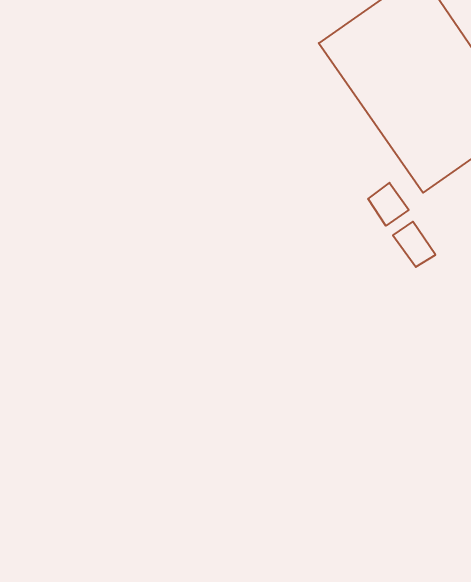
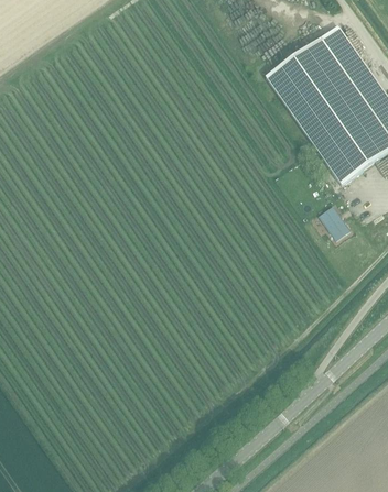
building: [368,183,409,226] -> none

